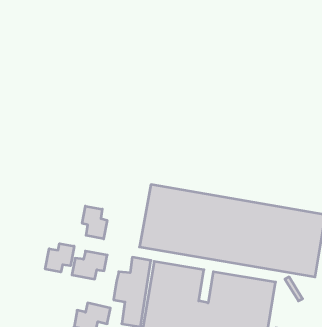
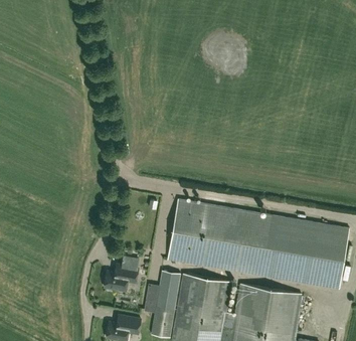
building: [82,206,107,239] -> none
building: [45,244,74,272] -> none

